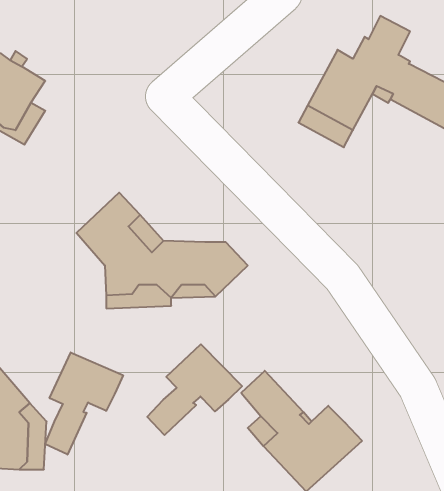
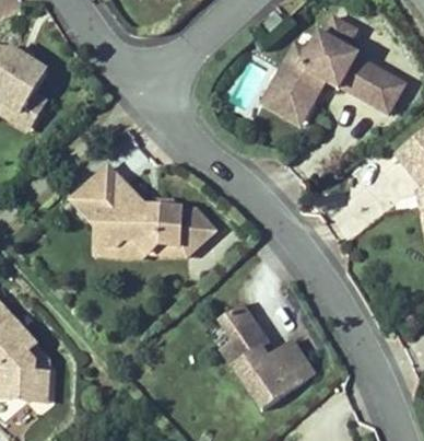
building: [147,344,242,435] -> none
building: [45,352,123,455] -> none

